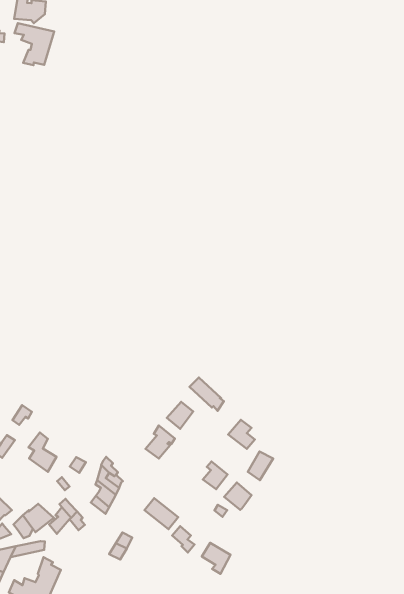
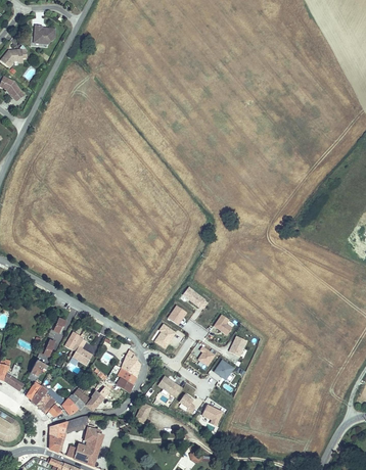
building: [15,23,54,65] -> none

